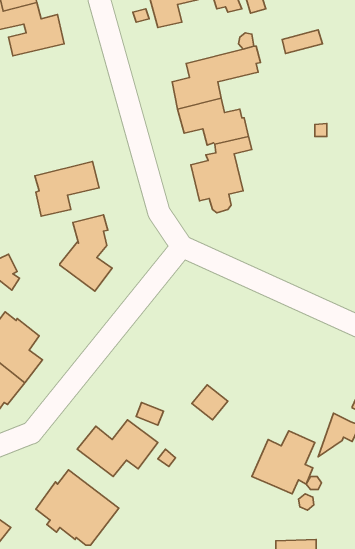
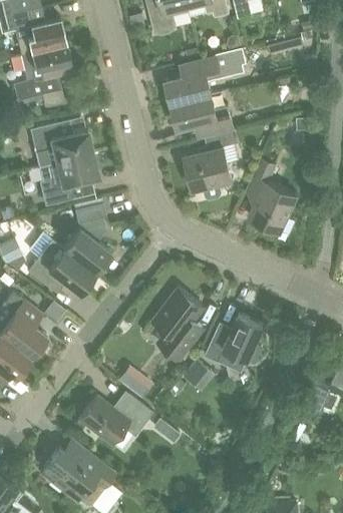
building: none -> [14,45,73,107]
building: none -> [30,119,93,166]
building: none -> [246,156,297,231]
building: none -> [28,239,95,294]
building: none -> [153,289,207,362]
building: [252,431,315,494] -> [206,314,264,372]

